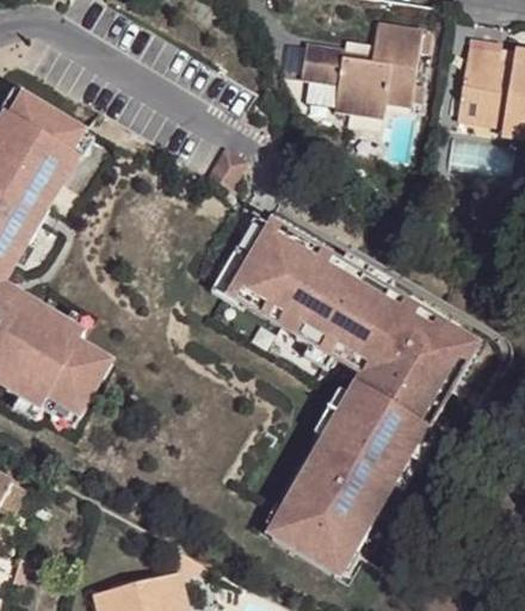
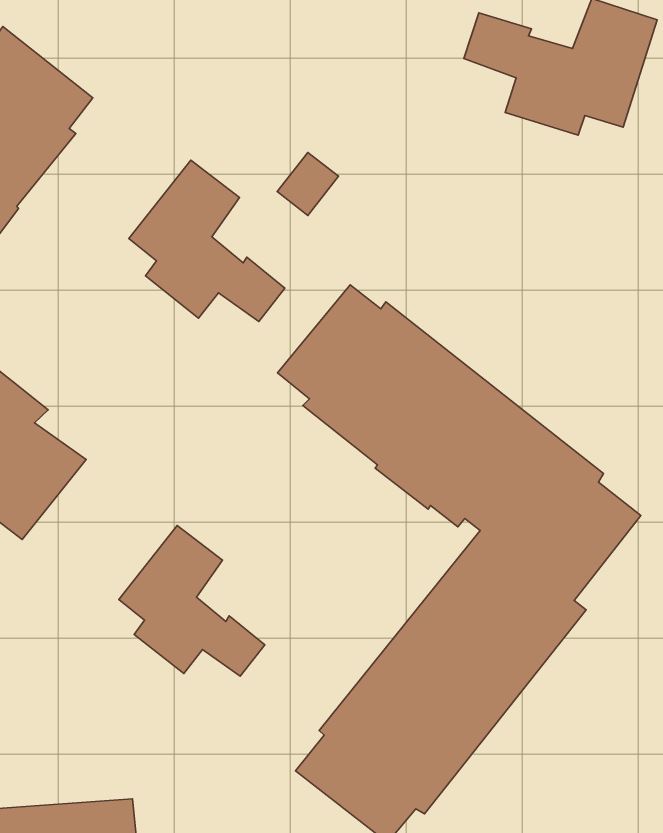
building: none -> [129,160,285,321]
building: none -> [119,525,265,676]

